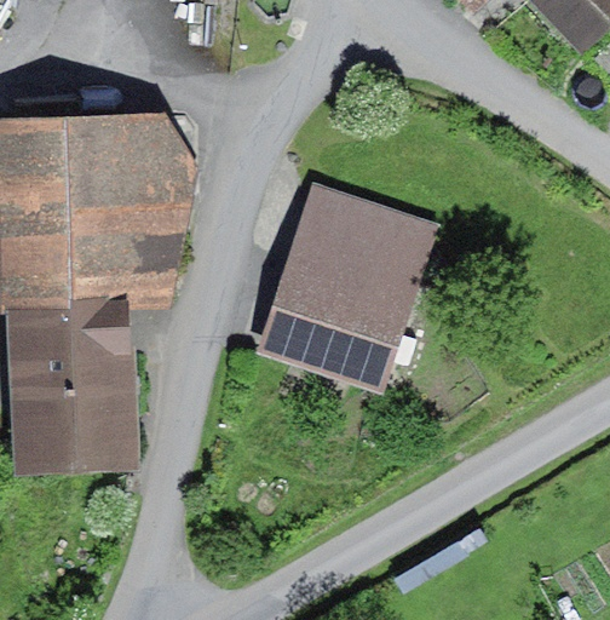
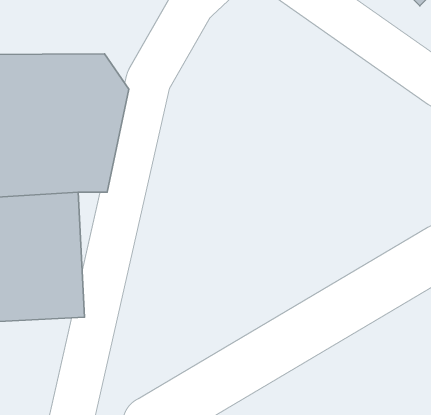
building: [260,184,437,390] -> none

